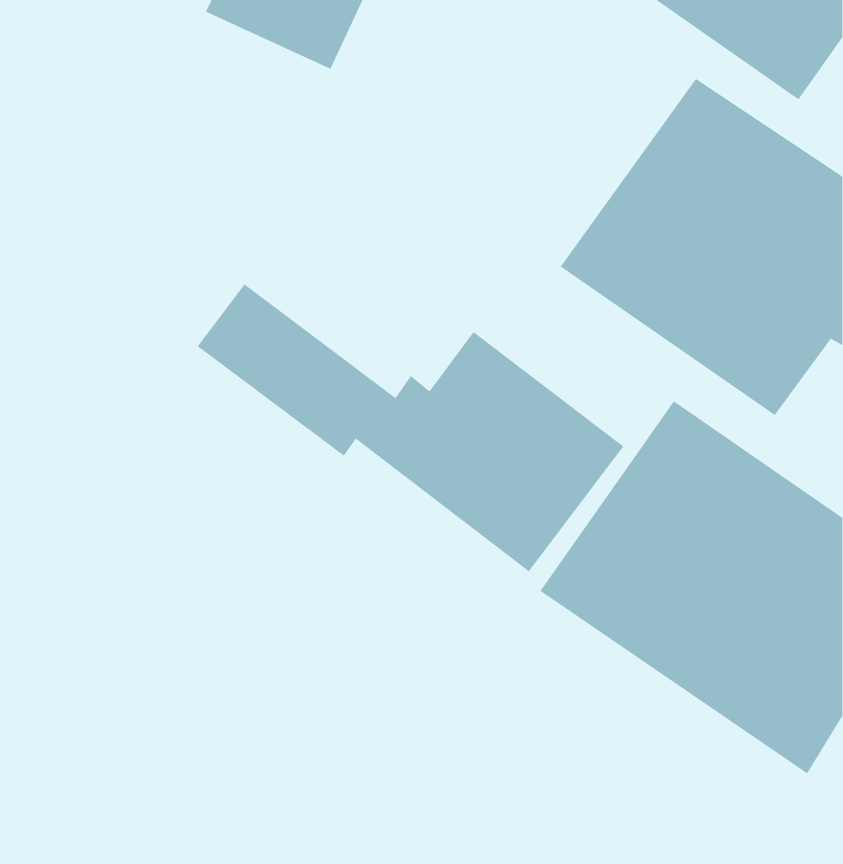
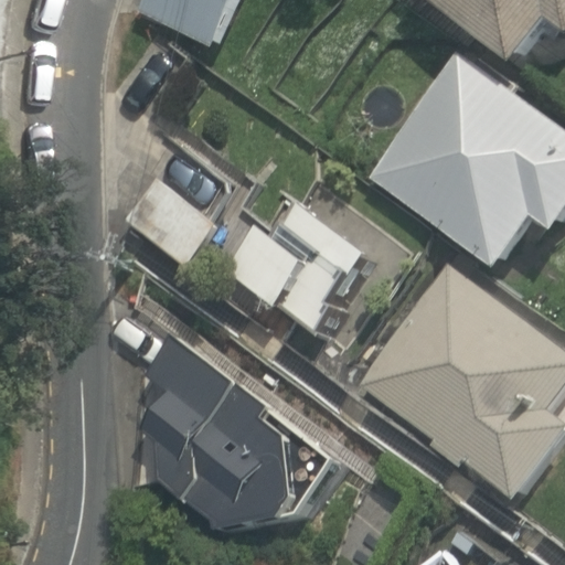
building: none -> [146,334,323,532]

